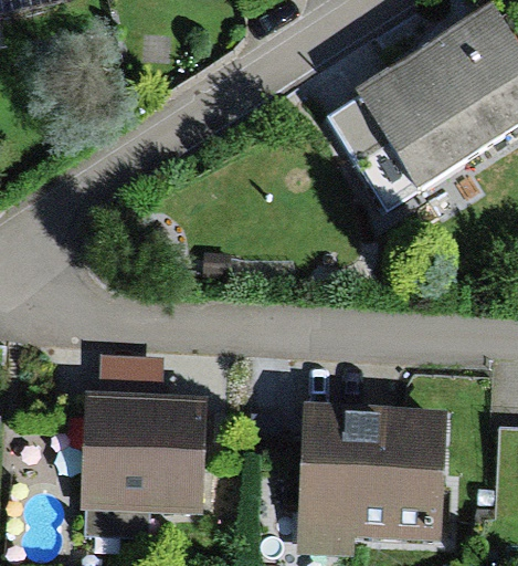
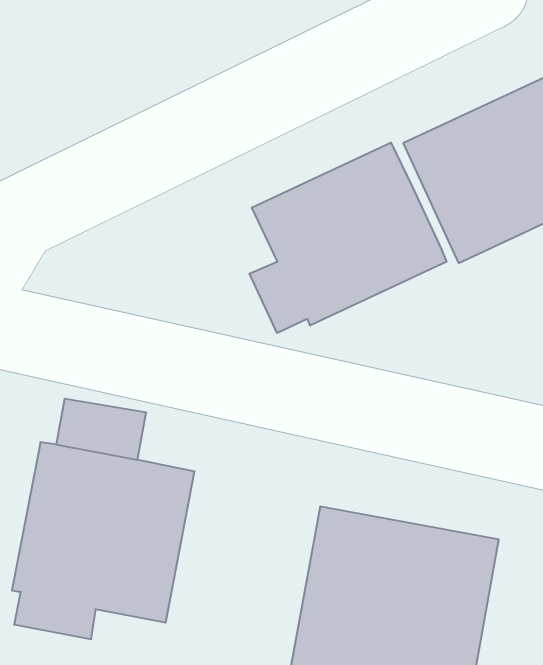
building: none -> [249,143,447,333]

